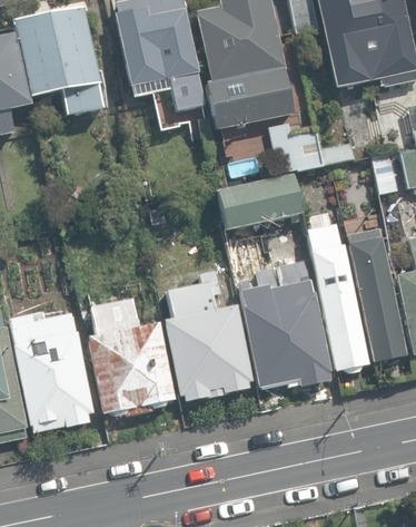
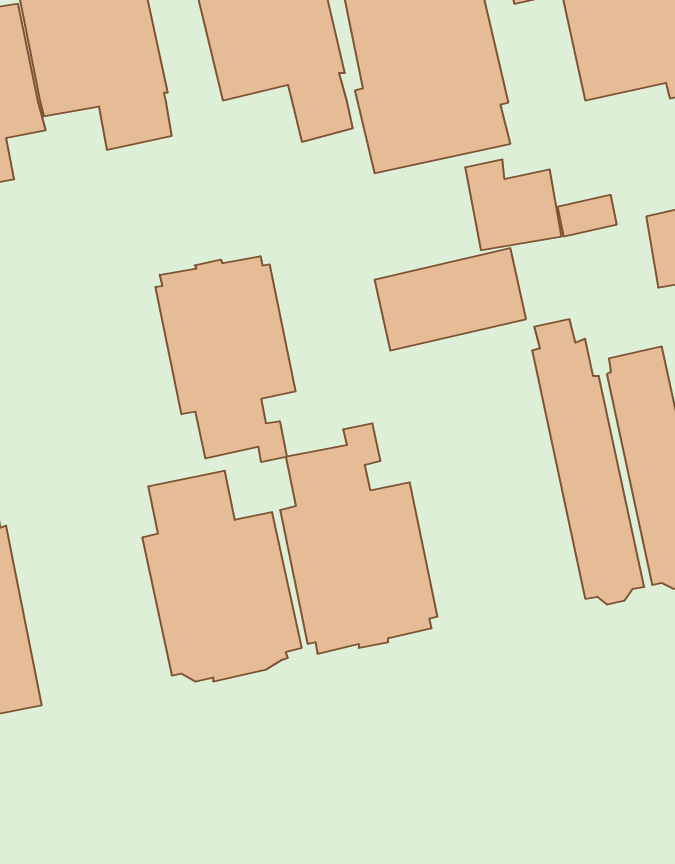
building: none -> [155,256,296,462]
building: [238,262,331,389] -> none
building: [13,314,97,432] -> none

